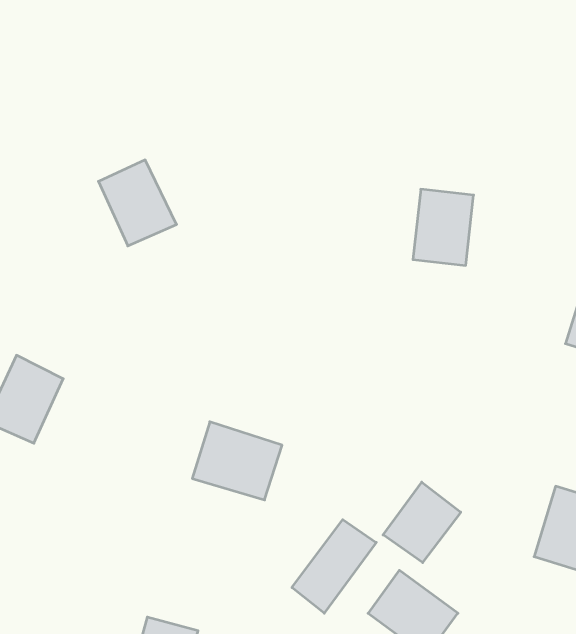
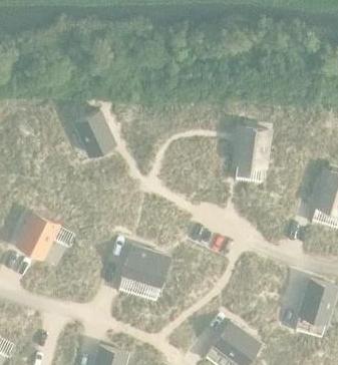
building: [383,482,461,563] -> none
building: [292,520,376,613] -> none

